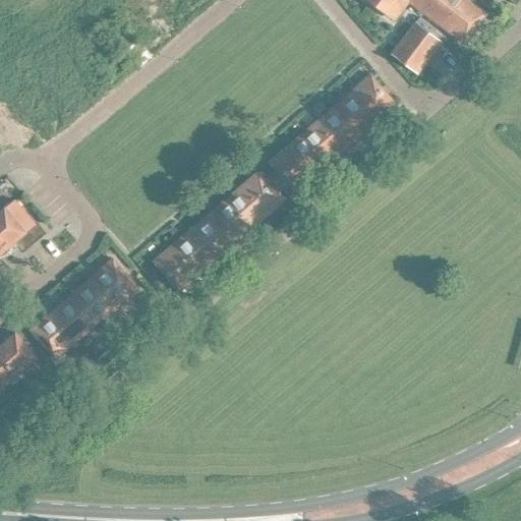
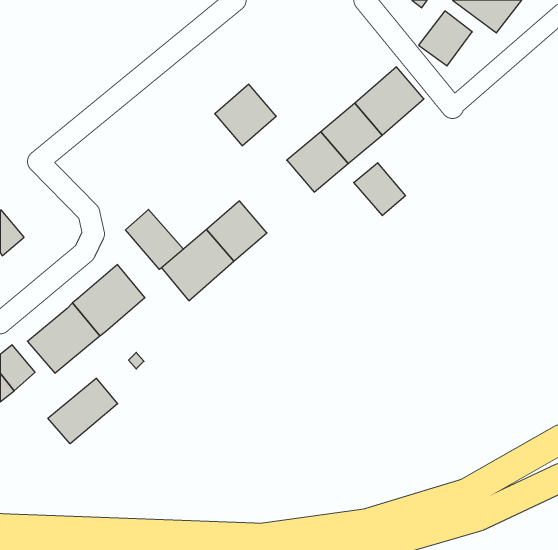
building: none -> [354,163,405,216]
building: [225,169,282,226] -> [215,84,276,146]
building: none -> [125,209,184,269]
building: none -> [48,378,118,444]

